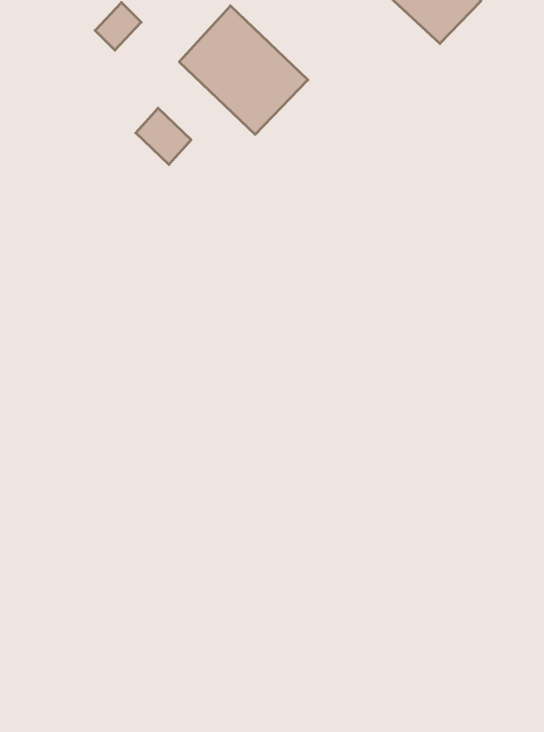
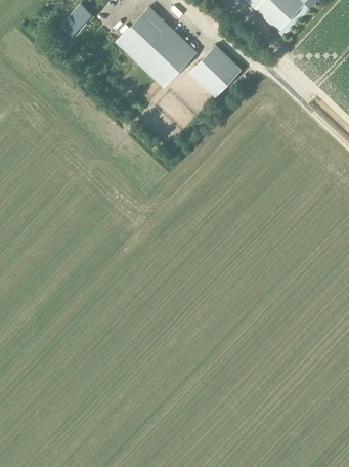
building: none -> [190,45,241,96]
building: [136,108,191,165] -> none

